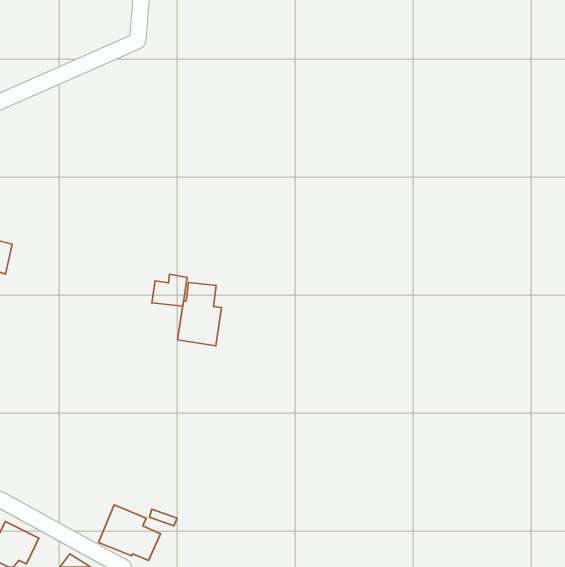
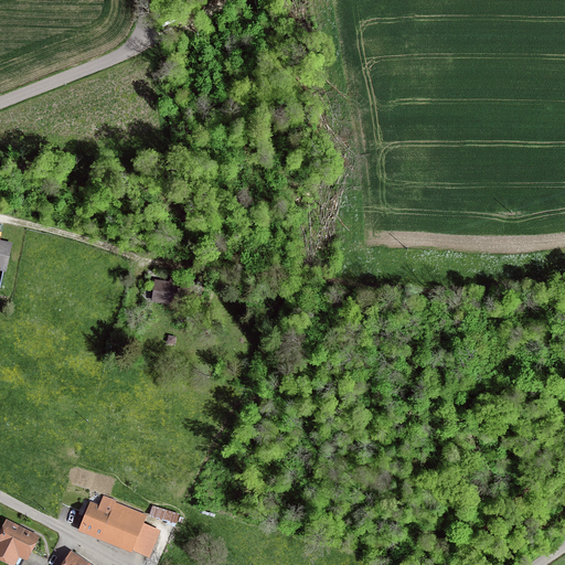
building: [177,282,221,346] -> none
building: none -> [77,495,115,540]

